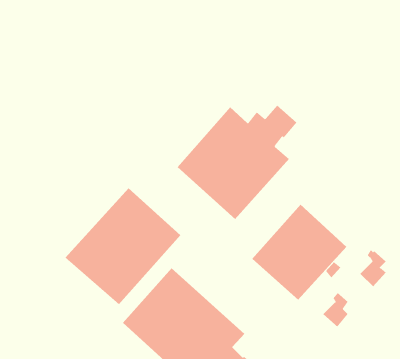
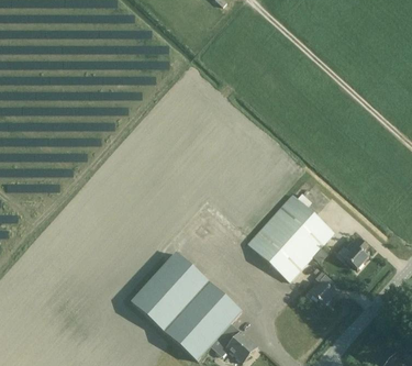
building: [177,105,297,220] -> none
building: [65,188,181,305] -> none

